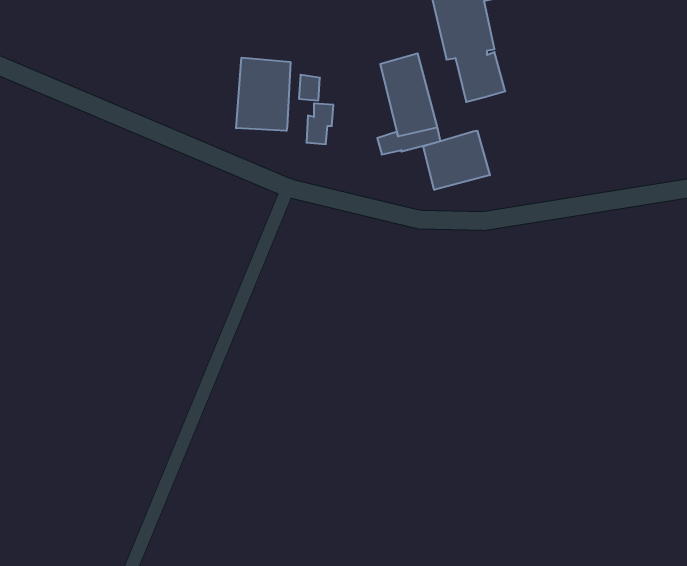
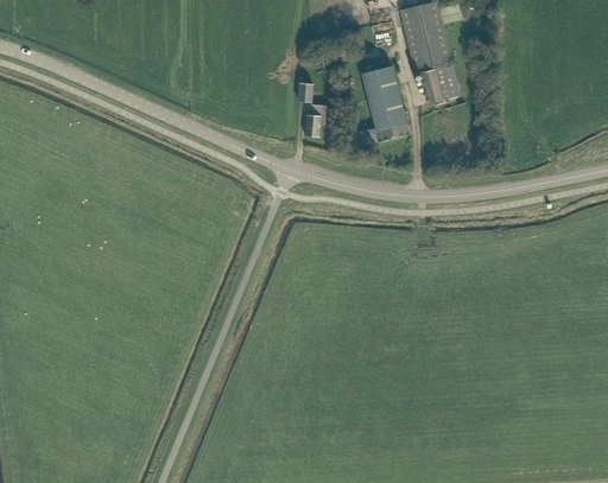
building: [236,58,290,131] -> none
building: [423,131,490,190] -> none

